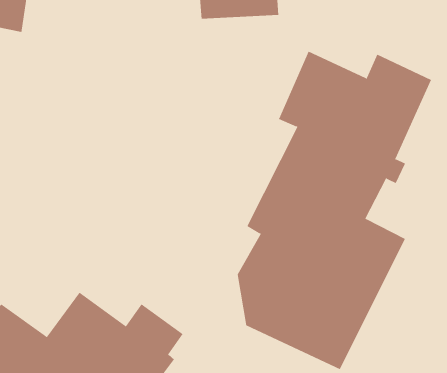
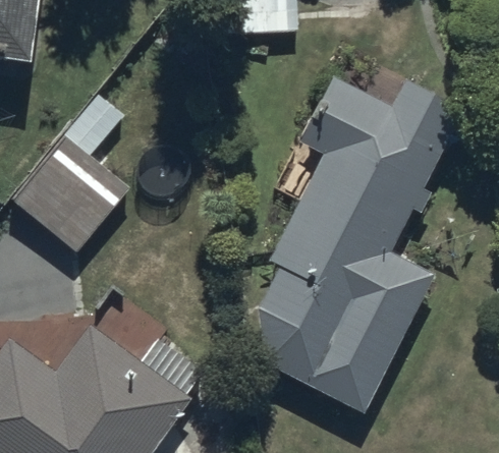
building: none -> [11,96,134,259]

